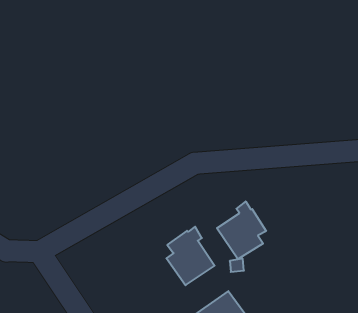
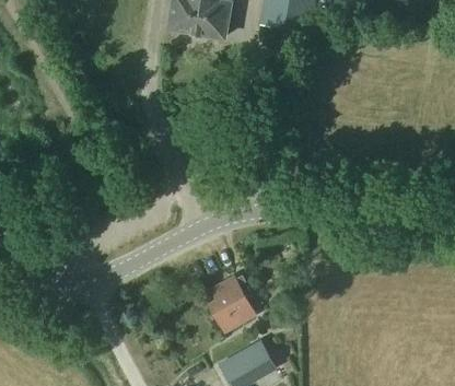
building: [217,201,266,259] -> none

